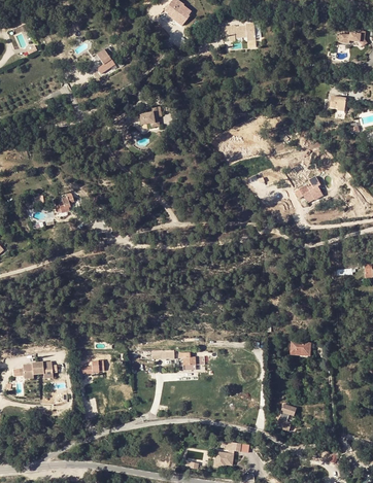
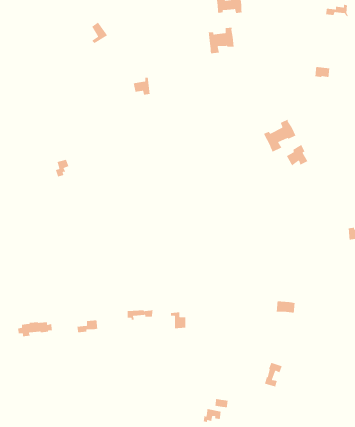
building: none -> [208,27,234,54]
building: none -> [263,119,296,153]

